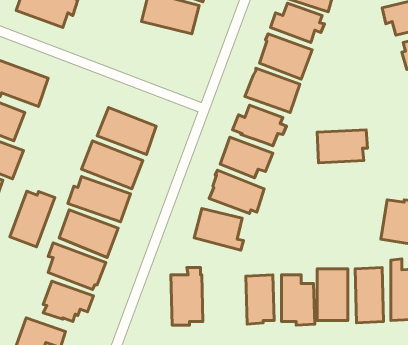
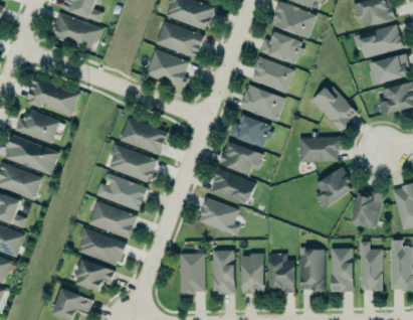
building: none -> [146,48,190,89]
building: none -> [312,84,358,130]
building: none -> [316,167,356,208]
building: [10,191,55,247] -> none
building: none -> [213,250,236,295]

